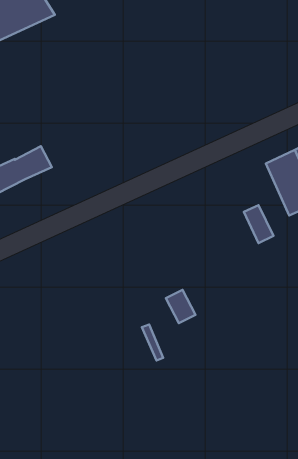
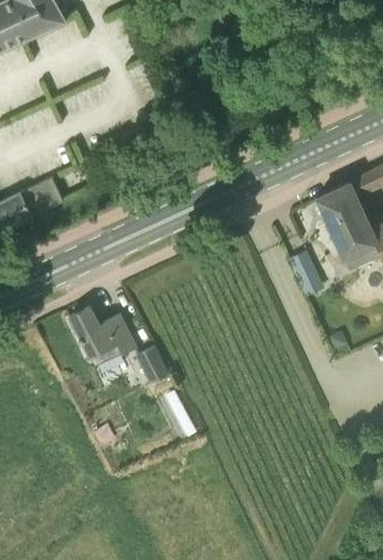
building: none -> [69,307,136,359]
building: [166,290,196,323] -> [134,347,169,386]

